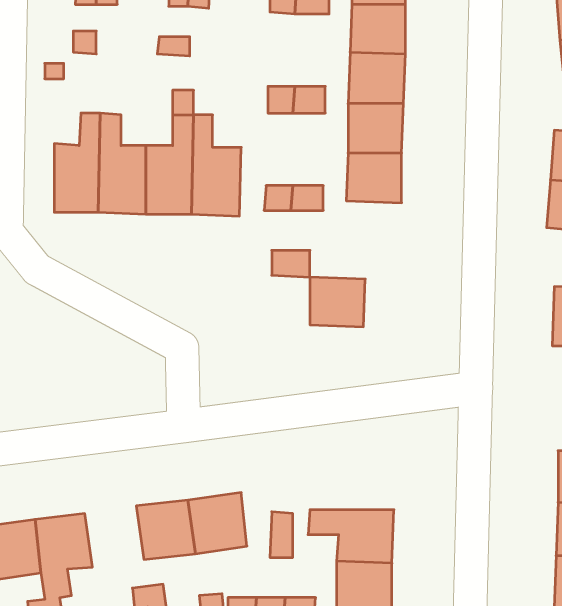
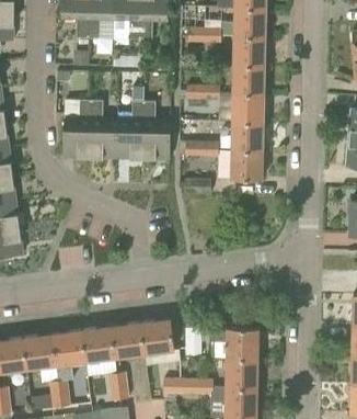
building: [310,277,365,327] -> [231,151,263,180]
building: none -> [81,327,115,362]

